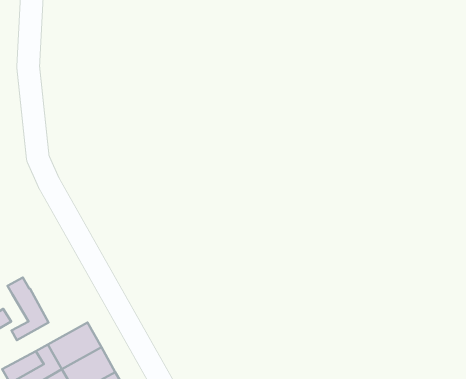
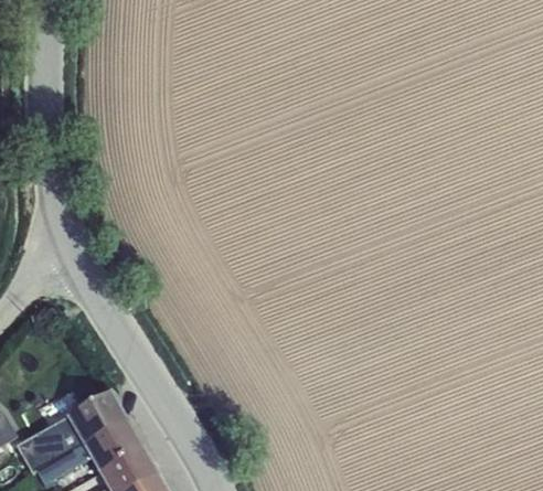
building: [7,277,48,340] -> none

